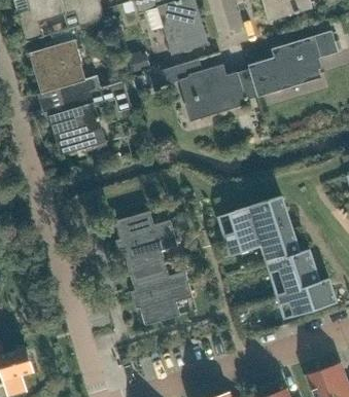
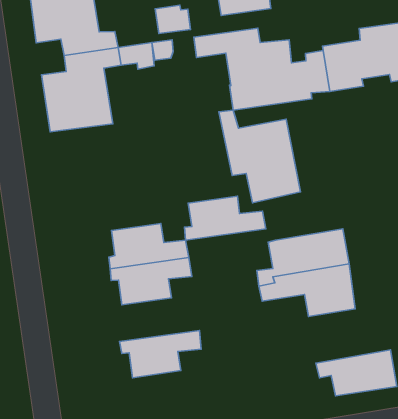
building: none -> [219,110,301,203]
building: [266,249,319,292] -> none
building: [130,263,188,300] -> [185,196,266,240]

